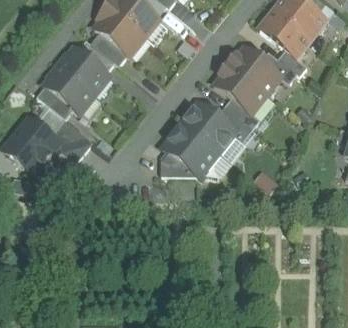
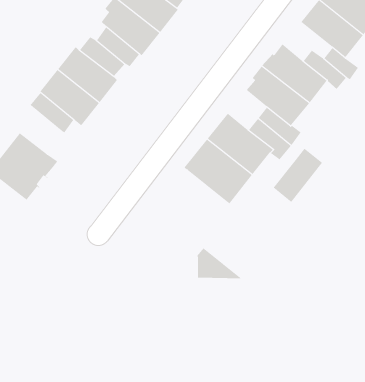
building: [51,119,93,162] -> none
building: none -> [273,148,323,203]
building: [160,149,198,175] -> [196,247,242,279]

